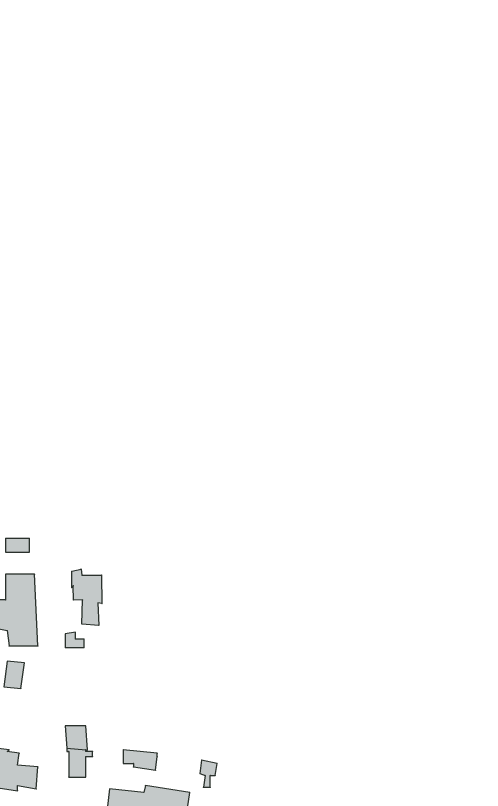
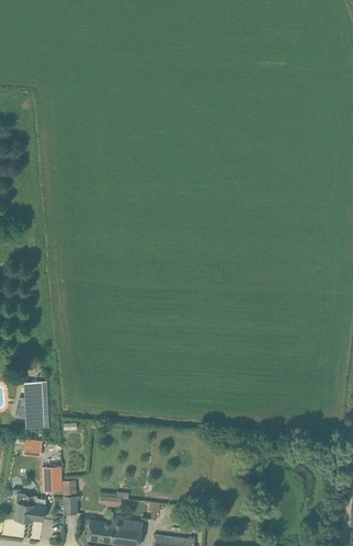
building: [72,569,102,625] -> none
building: none -> [43,466,61,492]

